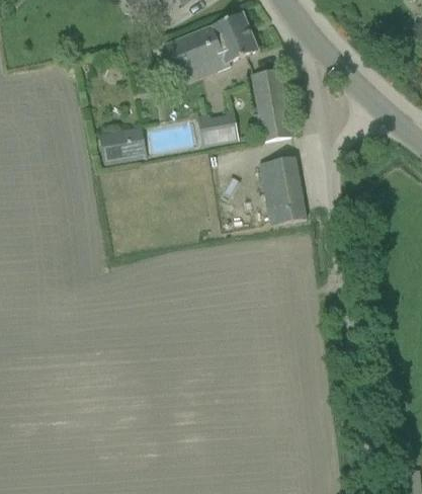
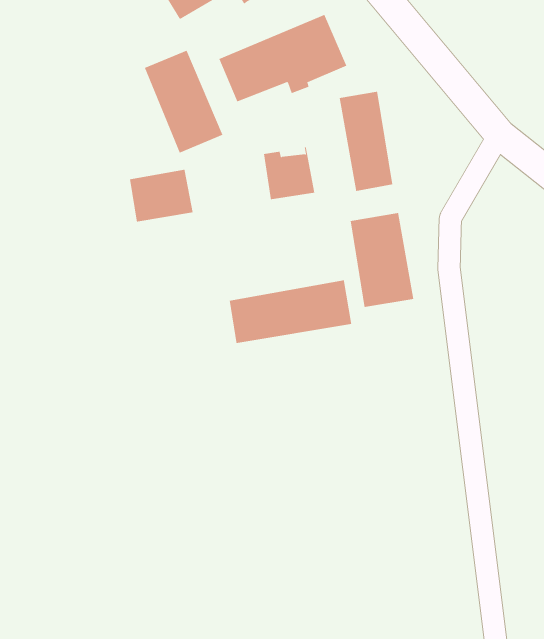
building: none -> [144,50,223,154]
building: none -> [229,280,352,344]

